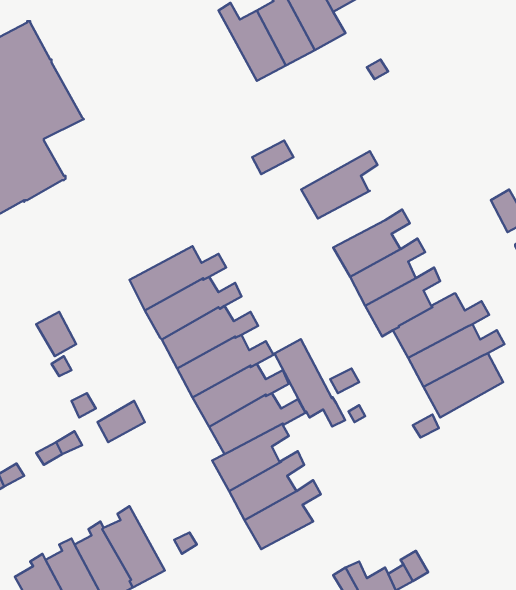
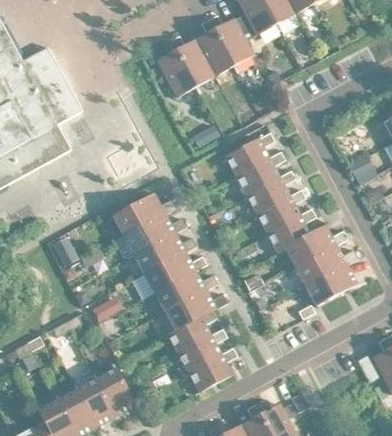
building: none -> [156,40,195,97]
building: none -> [235,151,284,195]
building: [275,339,345,427] -> none

